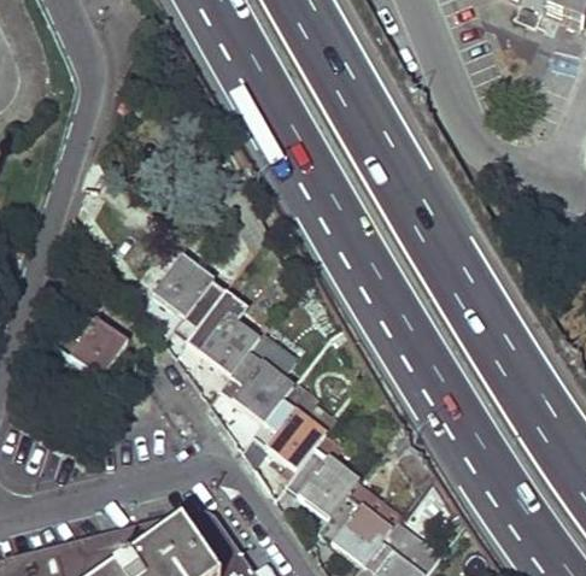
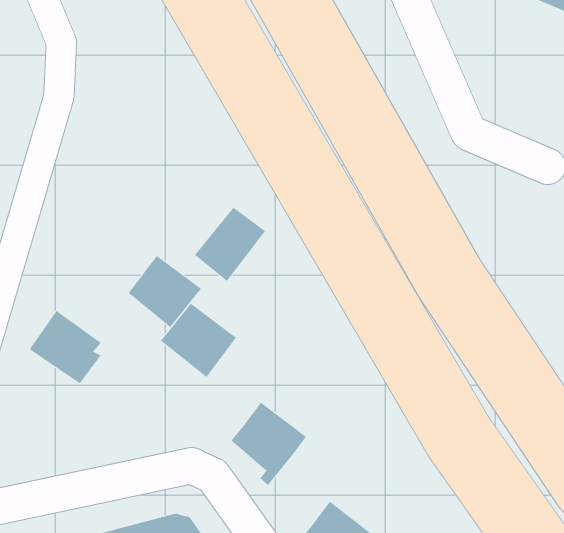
building: none -> [194,207,266,282]
building: [225,355,299,427] -> none
building: [293,451,365,522] -> none

